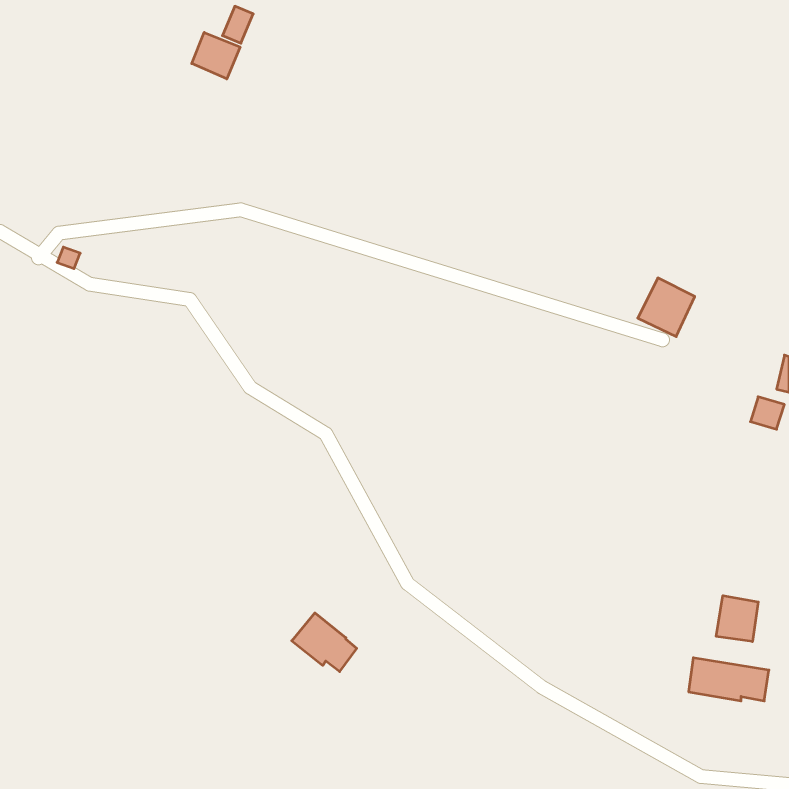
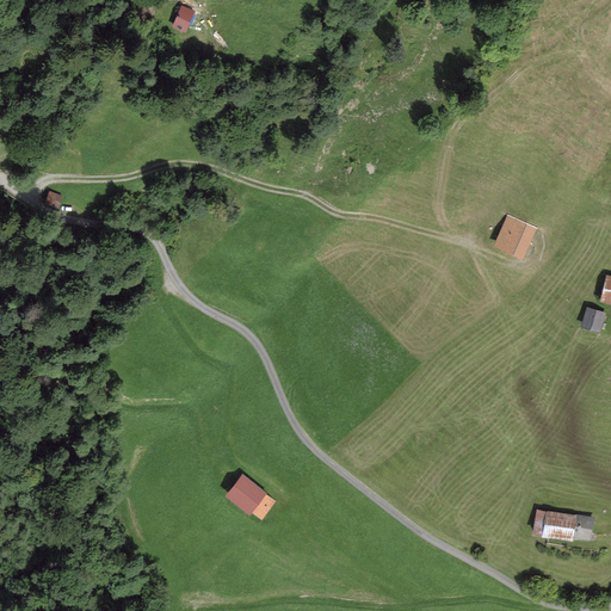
building: [192,32,240,79] -> none
building: [716,596,758,642] -> none

